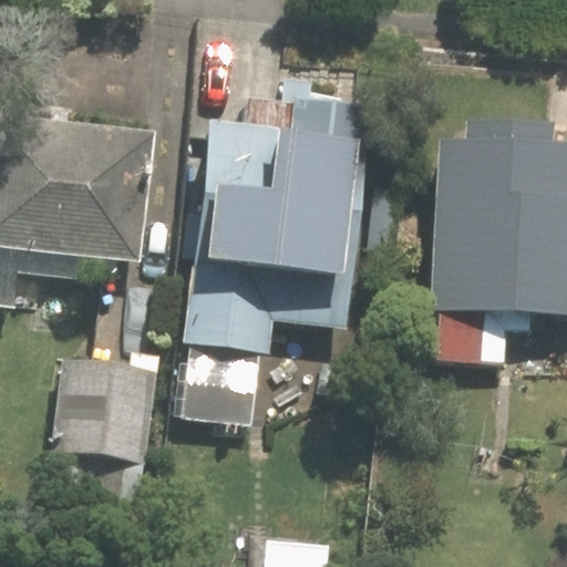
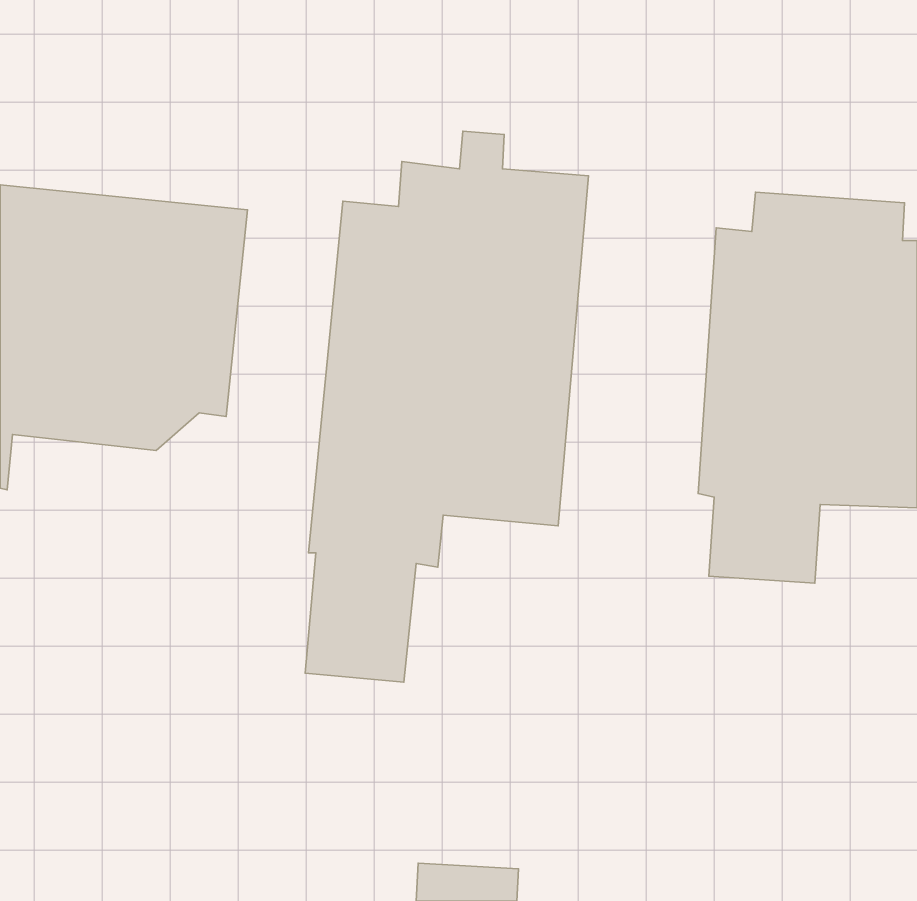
building: [51,350,156,496] -> none

